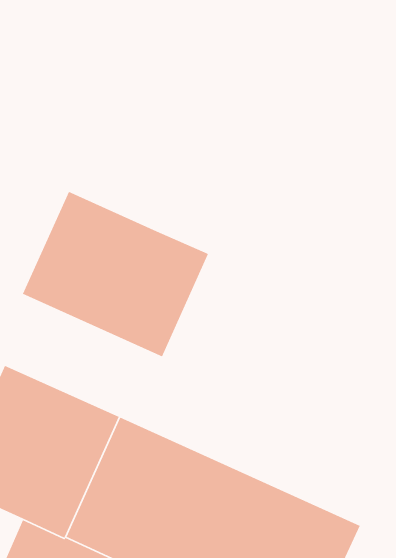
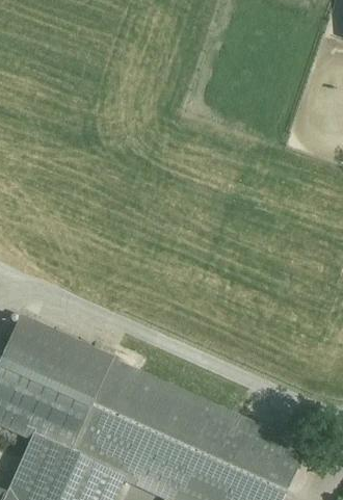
building: [22,191,208,357] -> none

